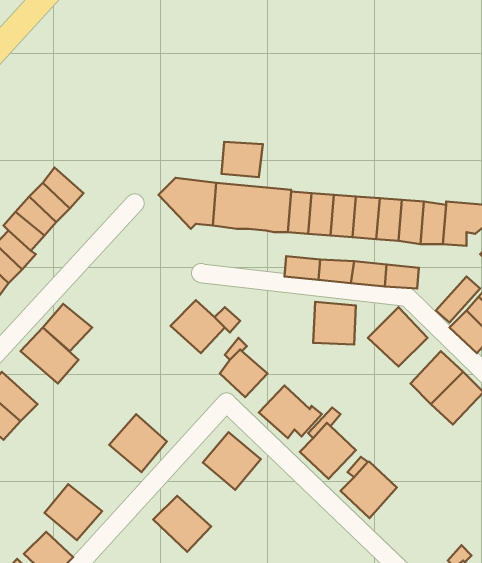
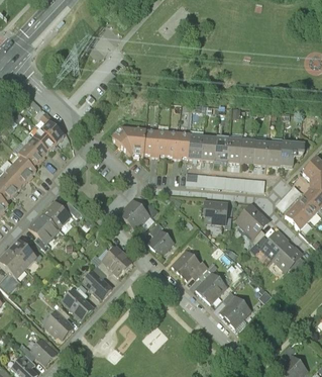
building: [222,142,263,177] -> none
building: [203,432,261,490] -> [103,242,137,276]
building: [153,496,211,552] -> [61,287,95,320]

